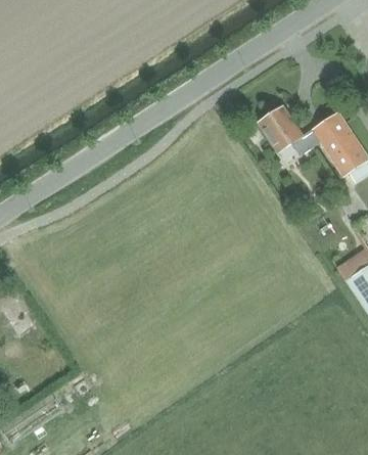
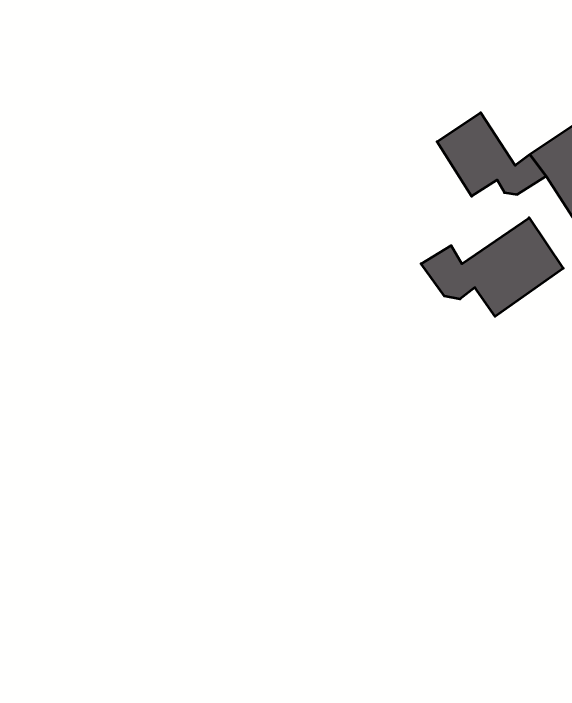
building: none -> [421,218,563,316]

